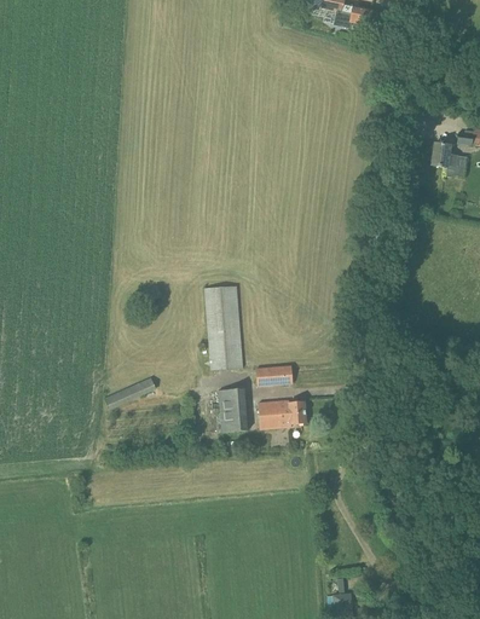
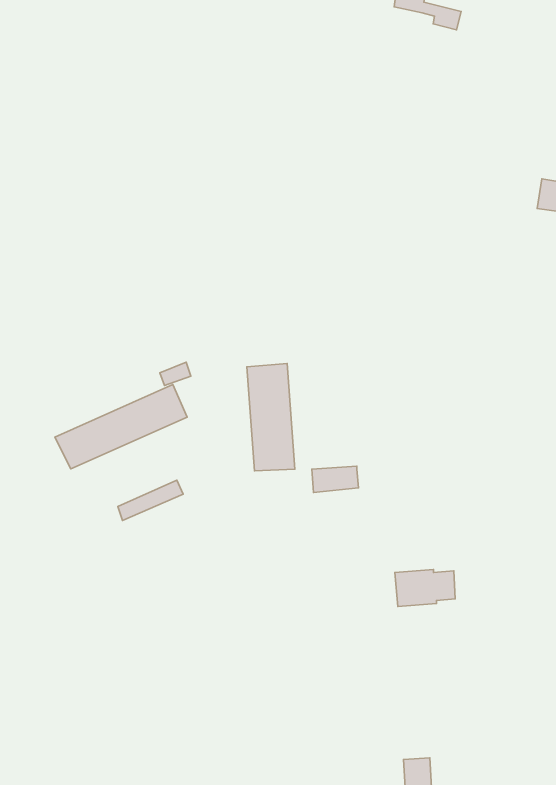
building: none -> [55,385,187,469]
building: [216,386,248,429] -> none
building: [258,399,305,428] -> [395,569,455,607]

